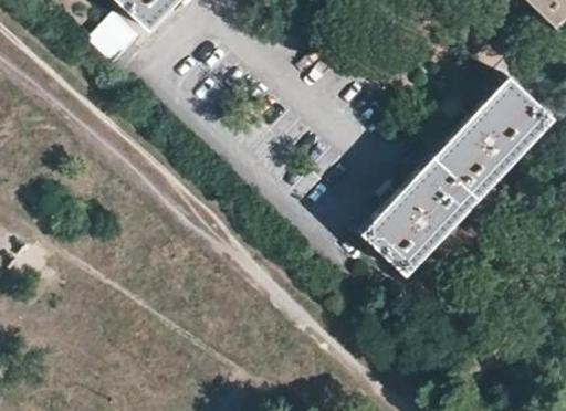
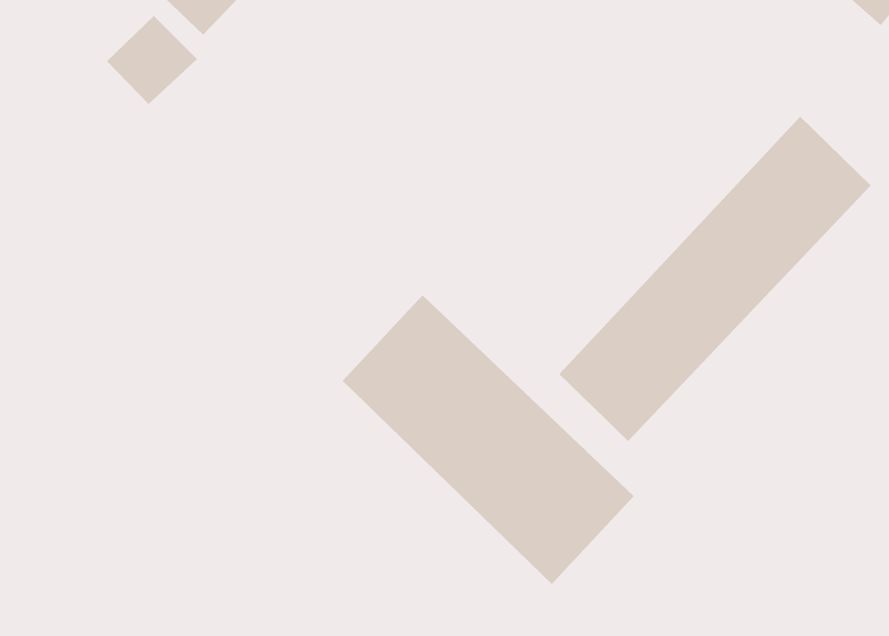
building: none -> [342,294,635,585]

